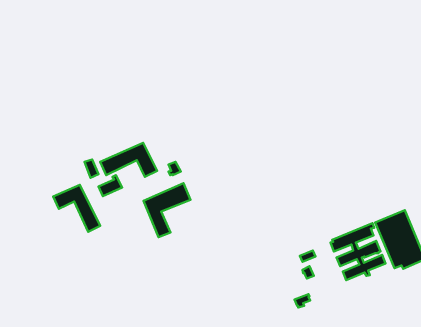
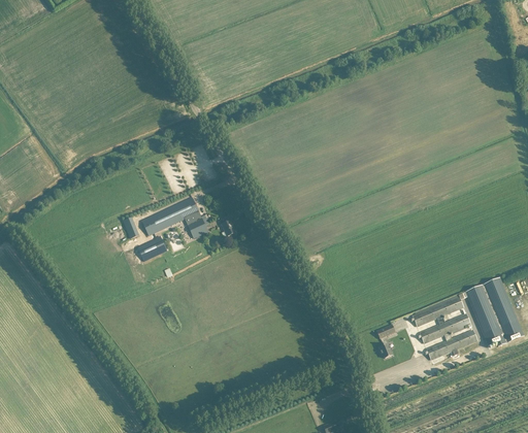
building: [144,183,191,237] -> none
building: [53,185,100,232] -> none

